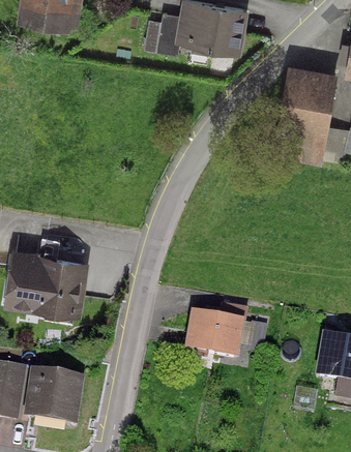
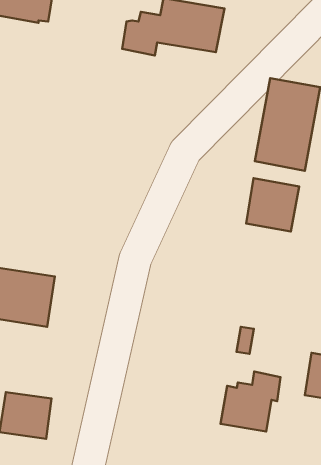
building: none -> [246,178,299,231]
building: [191,301,247,358] -> [221,372,280,432]

